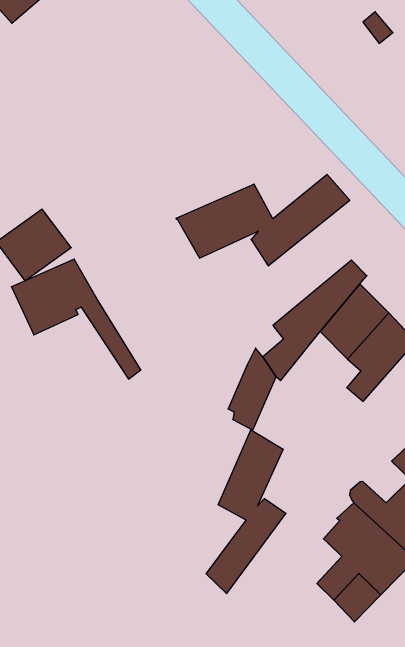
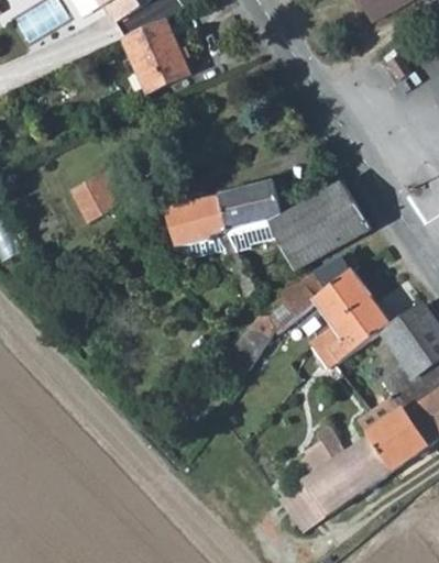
building: none -> [121,19,189,93]
building: none -> [283,203,369,268]
building: [11,259,141,379] -> [165,196,255,297]
building: [206,429,286,594] -> none

